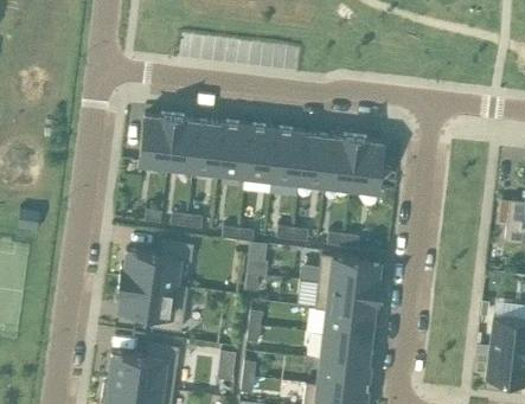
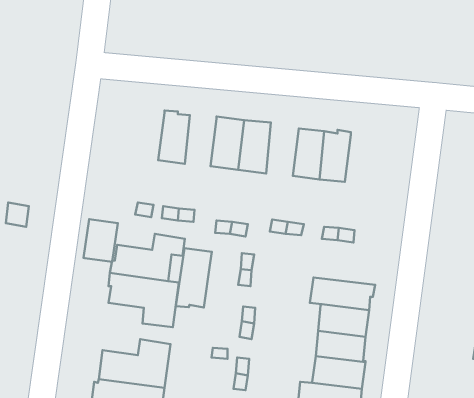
building: [140,117,173,168] -> none
building: [193,124,224,174] -> none
building: [273,132,305,184] -> none
building: [350,141,383,193] -> none
building: none -> [84,219,118,262]
building: none -> [176,248,212,307]
building: [319,255,380,290] -> none

